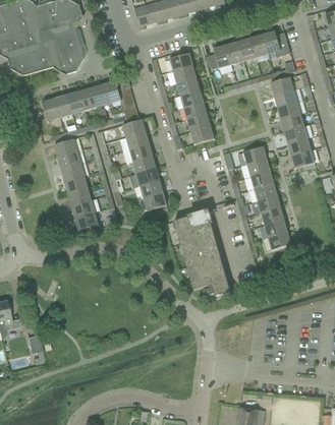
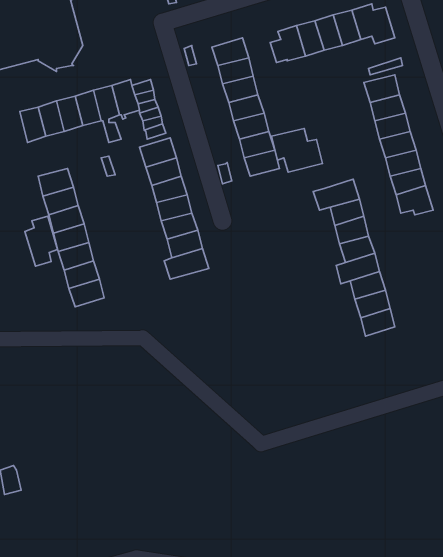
building: none -> [271,128,322,172]
building: none -> [25,216,58,266]
building: [173,212,230,296] -> none

